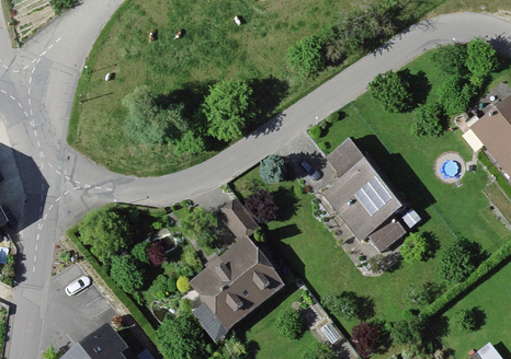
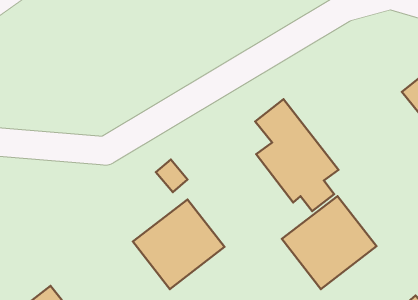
building: none -> [282,196,377,289]

